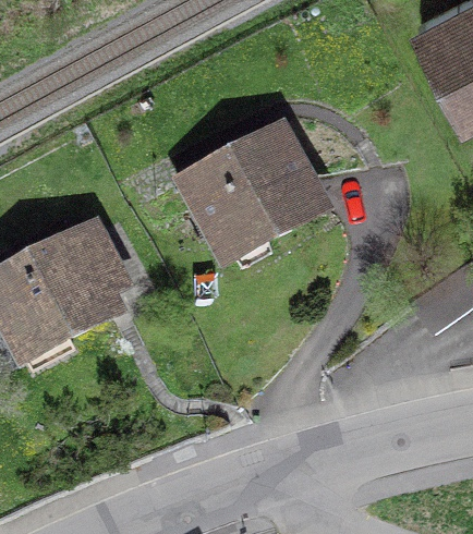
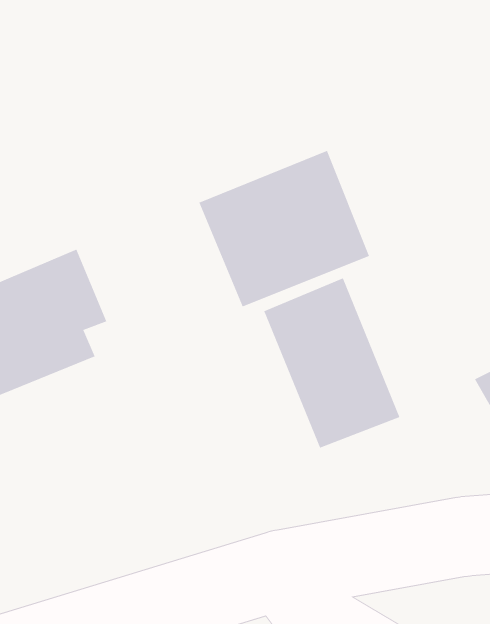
building: none -> [264,278,400,449]

